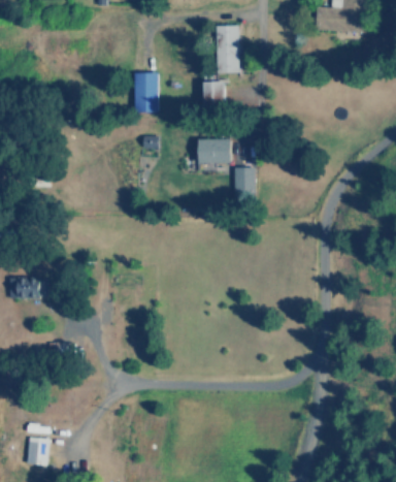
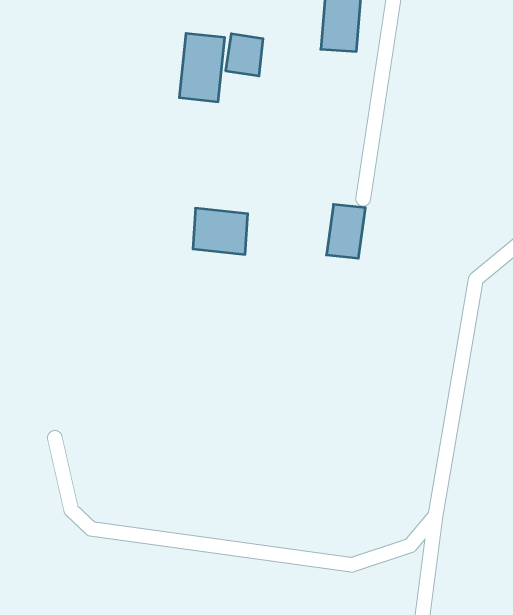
building: [205,81,226,104] -> [226,34,263,76]
building: [199,138,232,163] -> [193,208,248,254]

